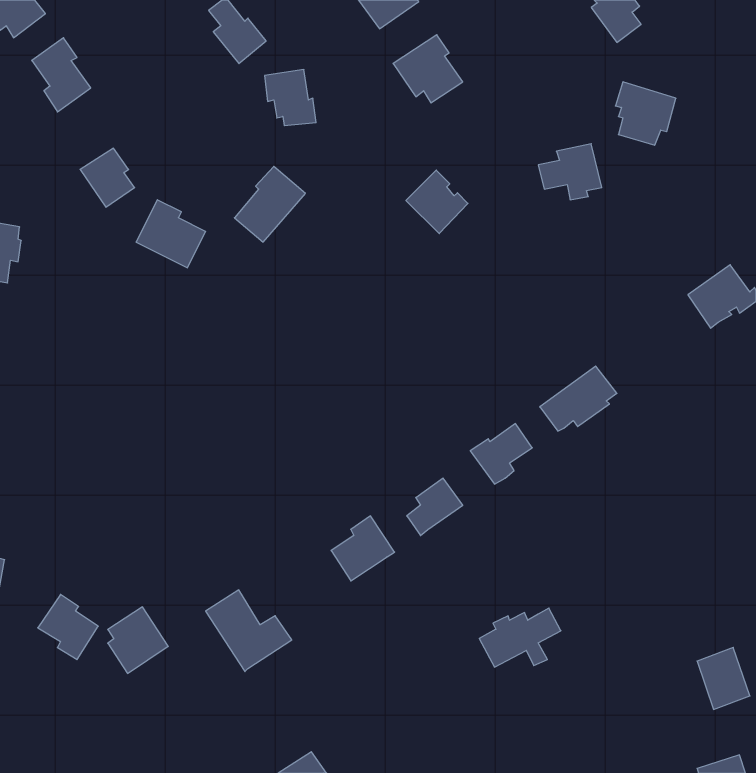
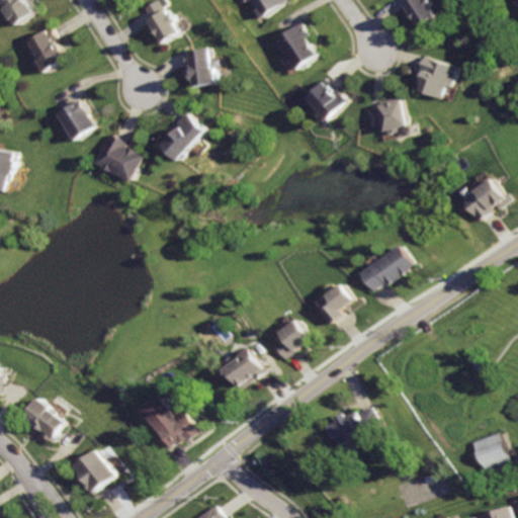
building: [406,170,468,234] -> [298,77,340,119]
building: [108,607,168,673] -> [75,450,115,495]

